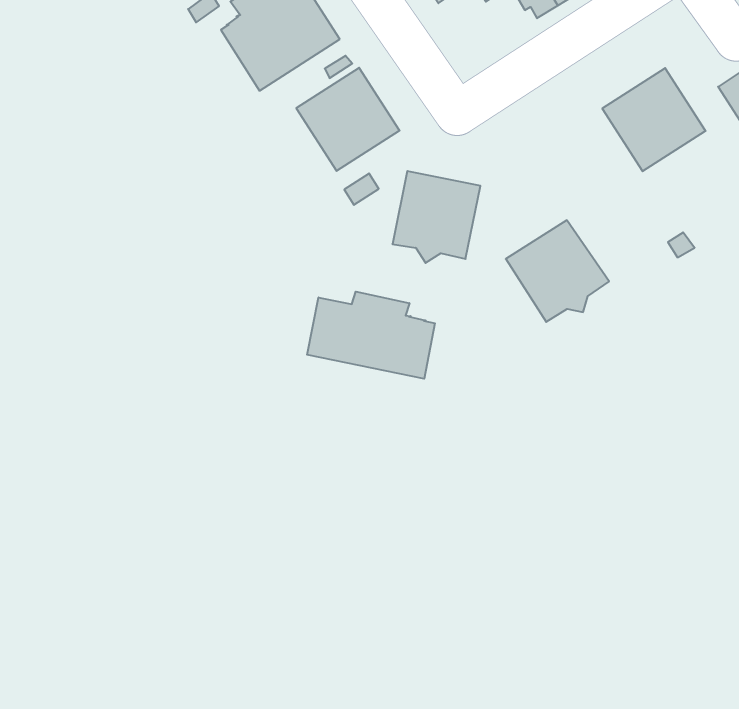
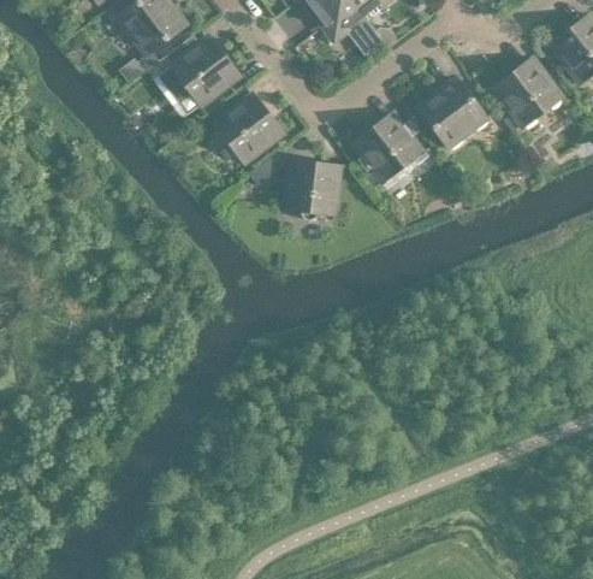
building: [506,220,609,322] -> [354,113,423,182]
building: [307,292,435,379] -> none

